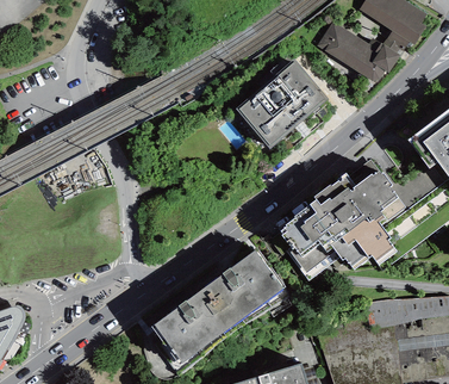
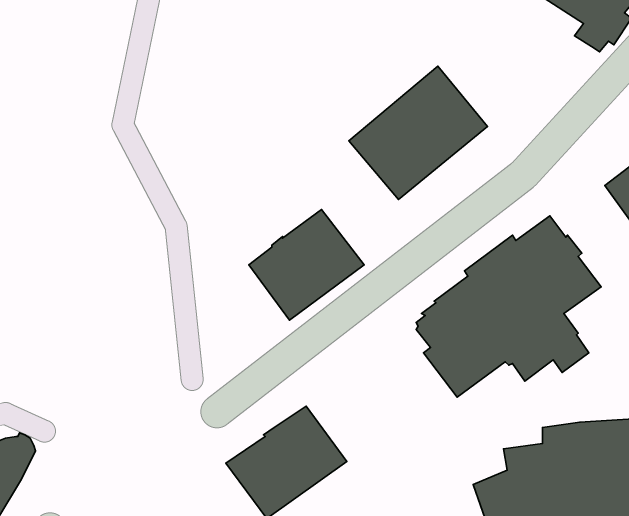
building: [317,23,401,80] -> none
building: [207,249,285,323] -> [249,210,364,320]

